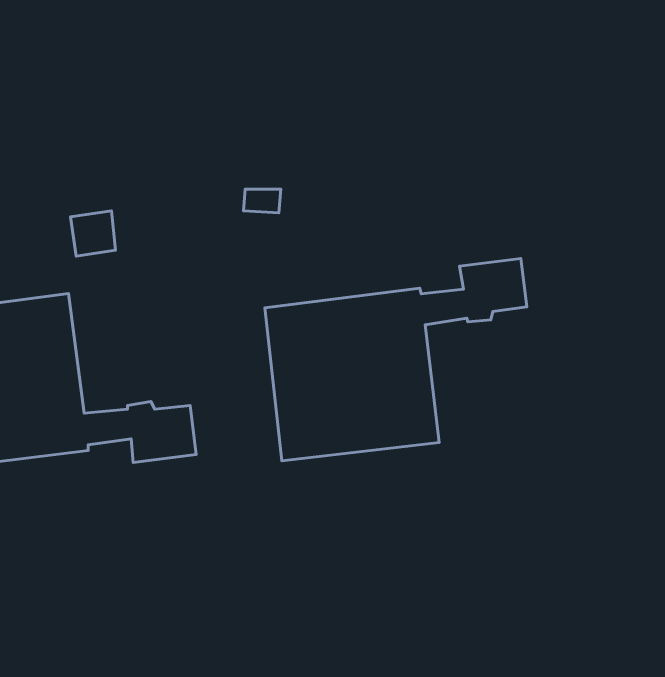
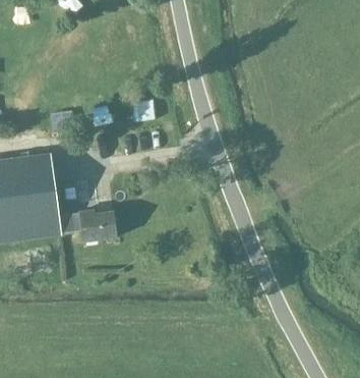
building: [265,259,527,461] -> none

